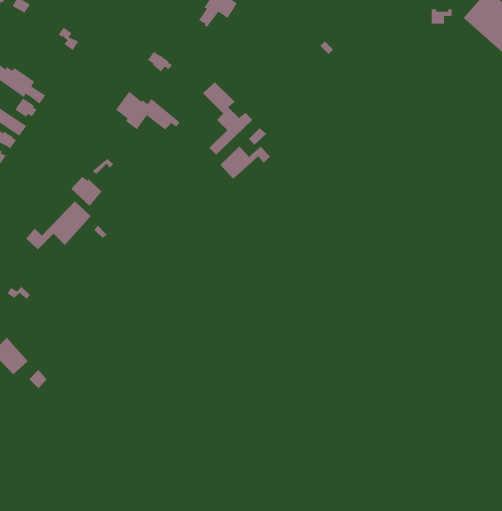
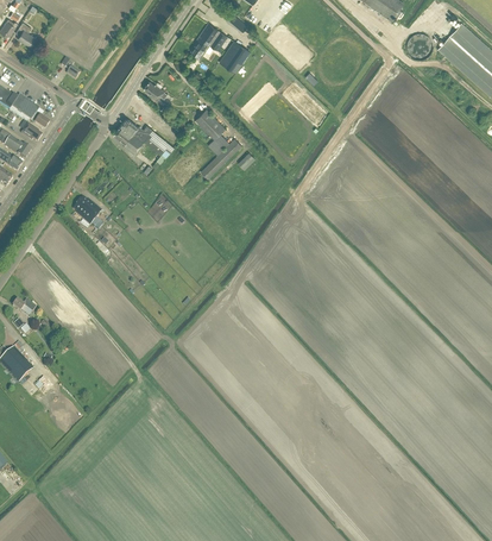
building: none -> [220,39,251,73]
building: [220,145,271,179] -> none
building: [25,201,92,250] -> none

